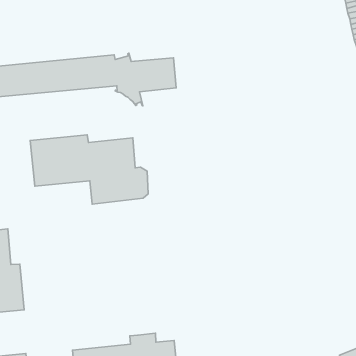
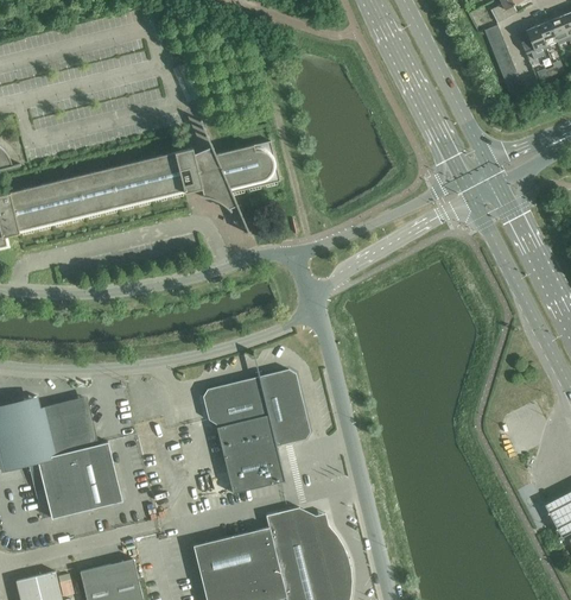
building: [30,135,148,204] -> none
building: none -> [203,370,310,493]

